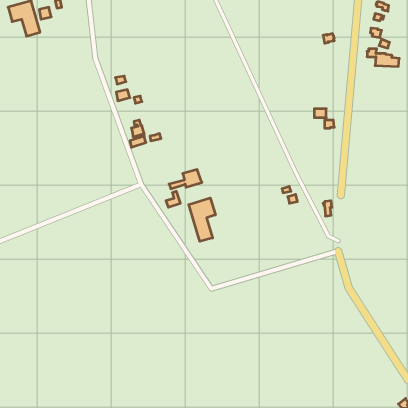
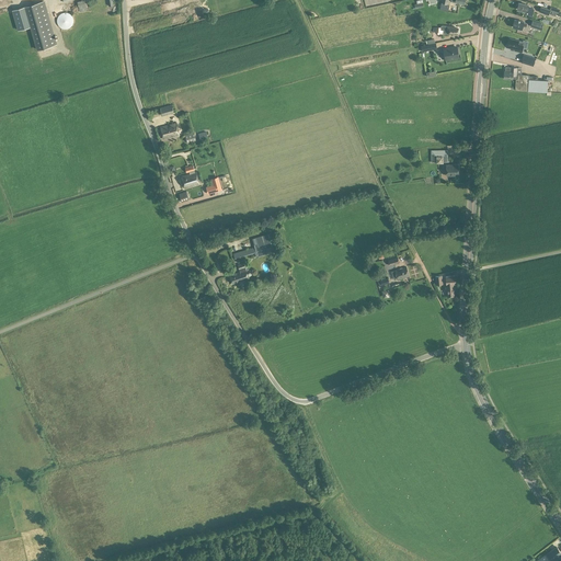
building: [189,198,215,241] -> none

